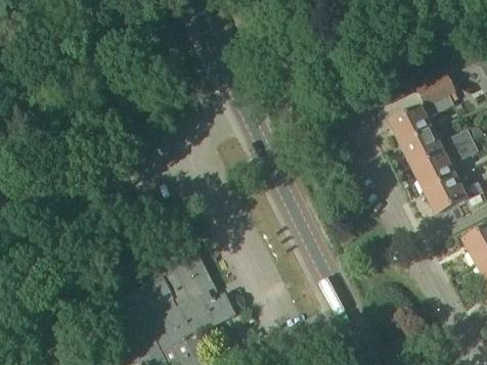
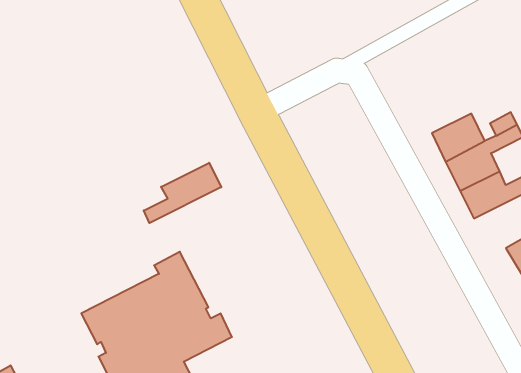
building: [390,63,463,144] -> none
building: none -> [144,163,221,223]

